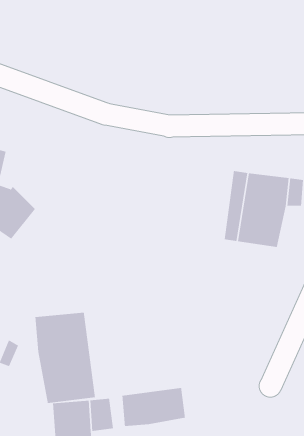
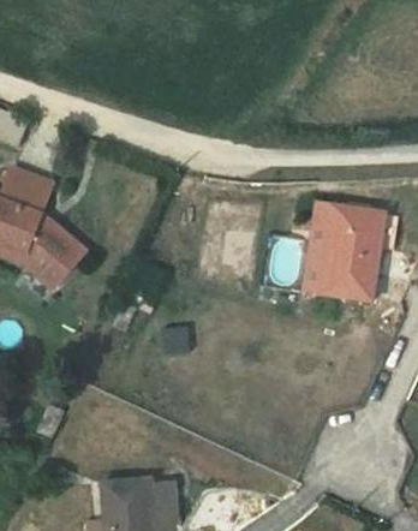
building: [35,312,96,404] -> none
building: [122,387,185,427] -> none

